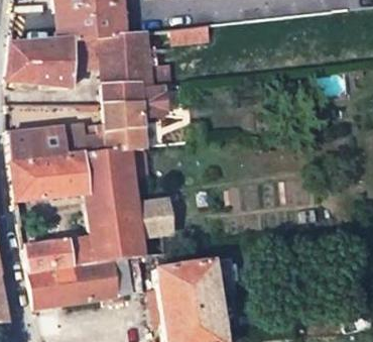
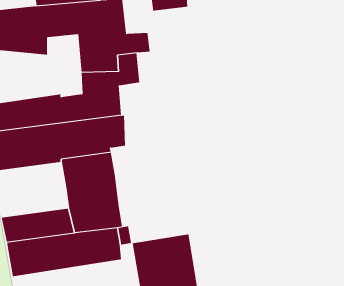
building: [139,199,173,235] -> none

